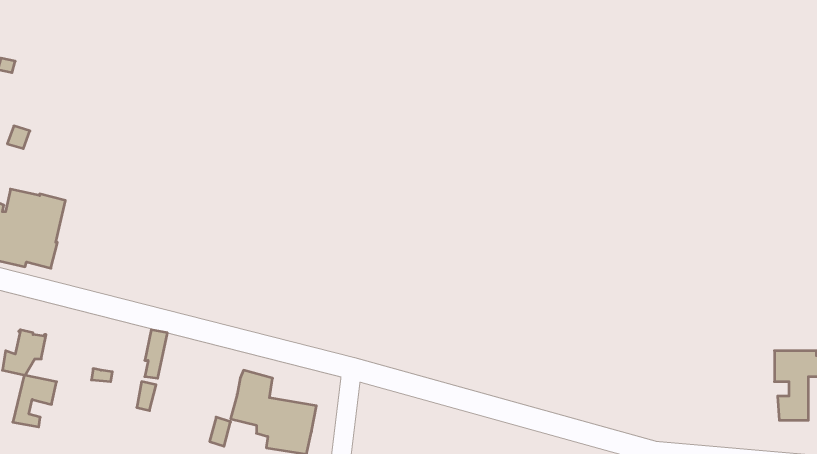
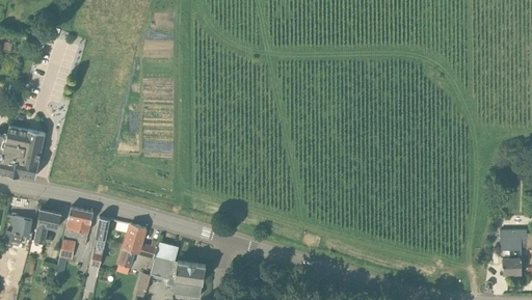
building: none -> [68,208,94,235]
building: none -> [119,223,147,267]
building: [13,375,57,427] -> [33,210,61,243]

